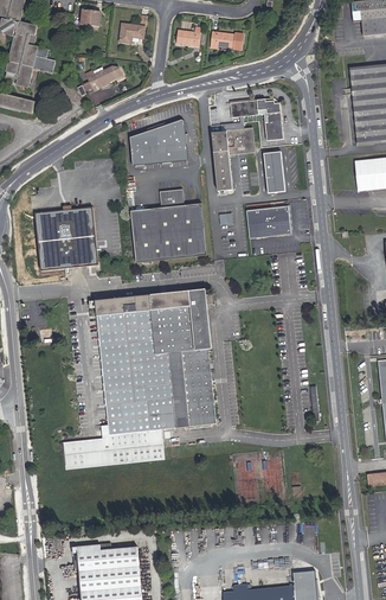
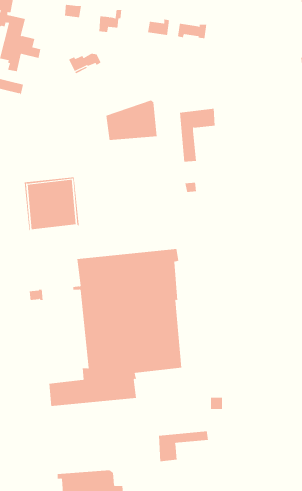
building: [230,98,283,141] -> none
building: [263,151,285,193] -> none
building: [130,189,207,262] -> none
building: [246,205,291,238] -> none
building: none -> [158,430,208,462]

